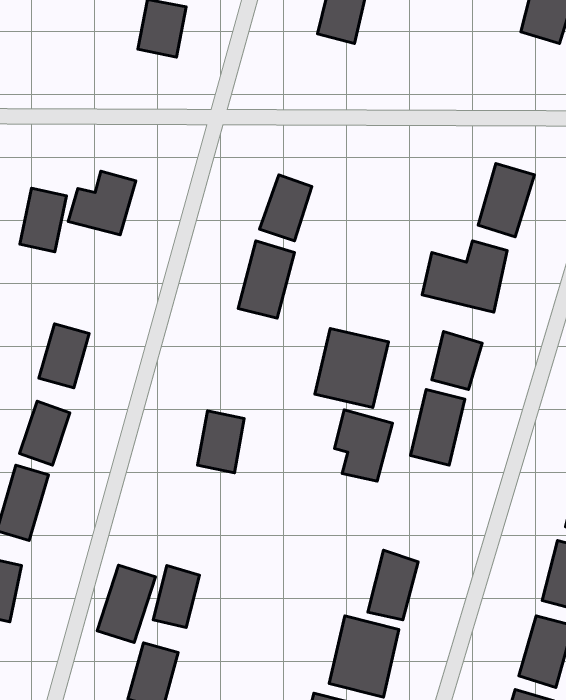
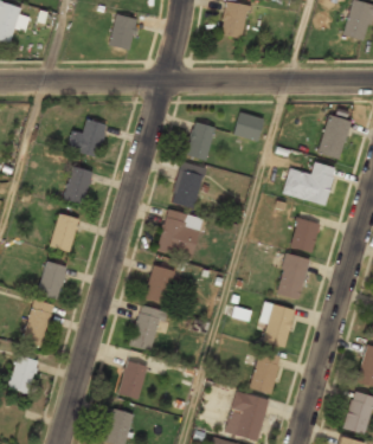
building: none -> [233,110,264,141]
building: [20,188,66,252] -> [64,166,92,205]
building: [315,328,388,408] -> [157,210,202,258]
building: [334,410,392,481] -> [259,301,295,345]
building: [97,565,155,643] -> [129,304,165,352]

